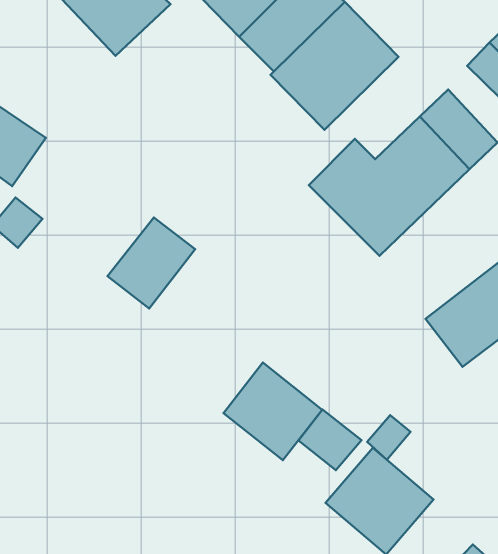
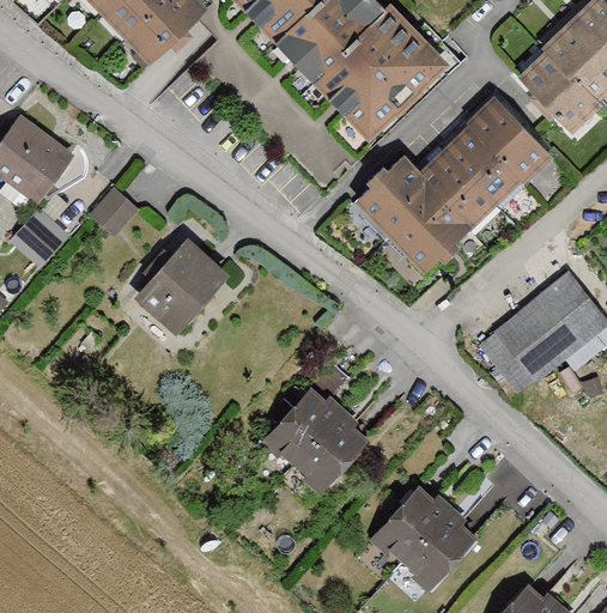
building: none -> [89,189,135,236]
building: [299,409,361,470] -> none
building: [367,415,410,460] -> none

